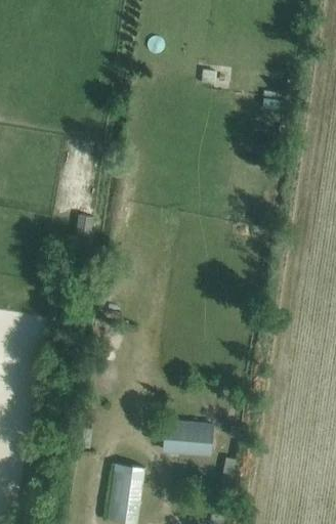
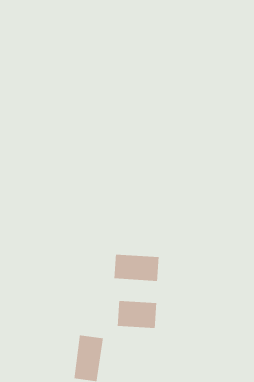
building: none -> [113,254,159,282]

